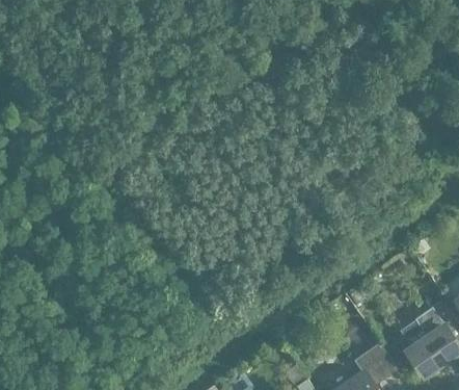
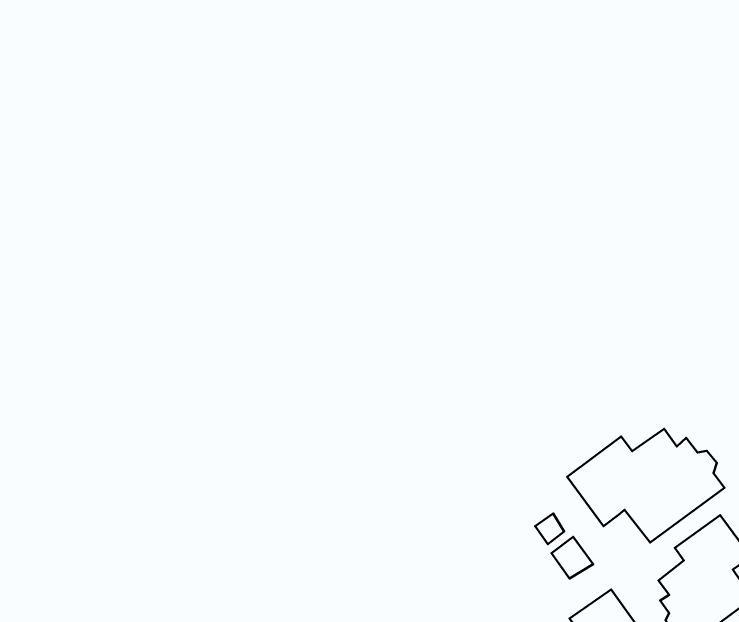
building: none -> [567,429,724,542]

